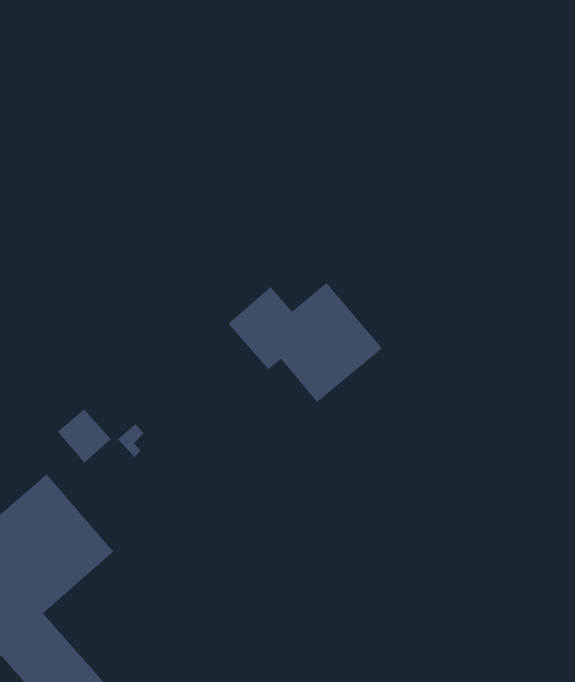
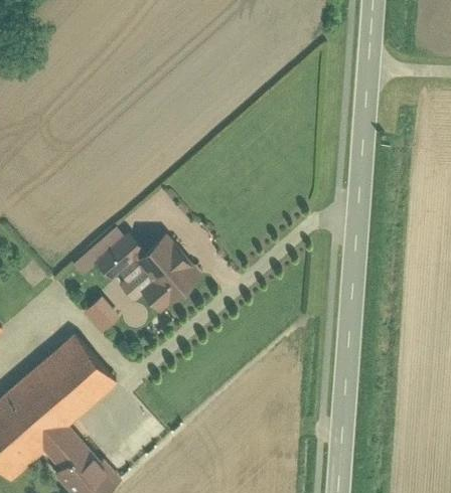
building: [228,282,383,403] -> [97,231,205,316]

